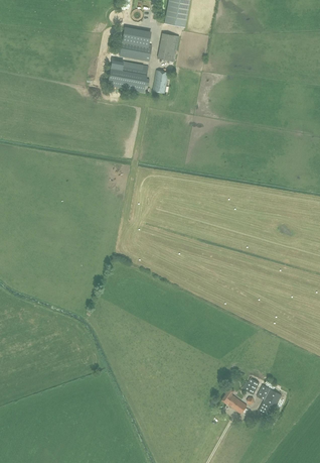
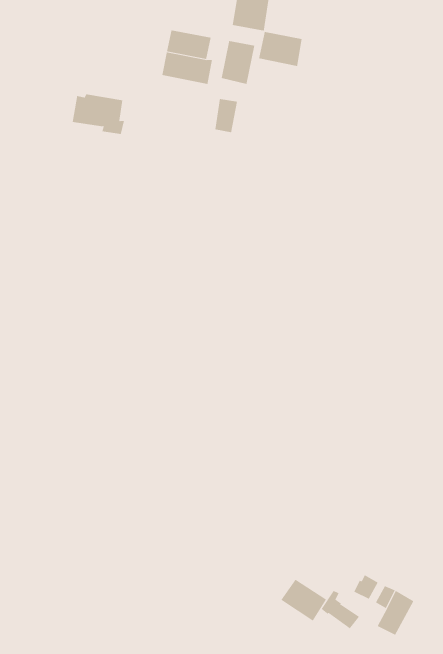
building: none -> [258,31,302,67]
building: [115,62,149,88] -> [72,94,125,135]
building: none -> [281,579,327,622]

